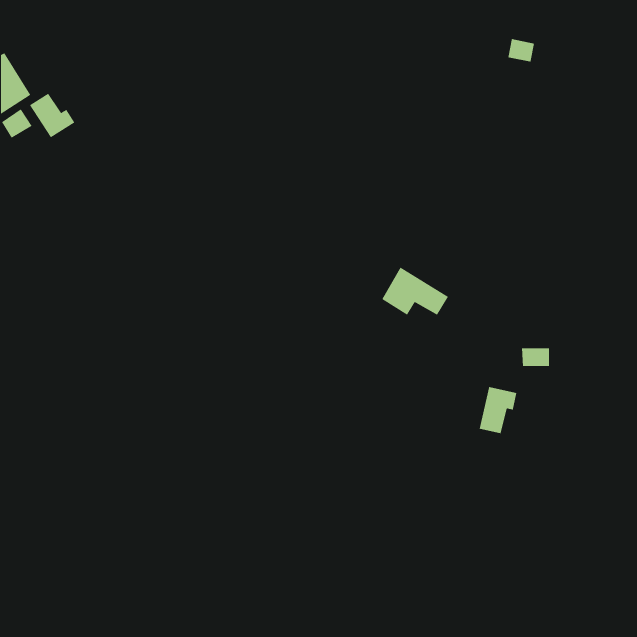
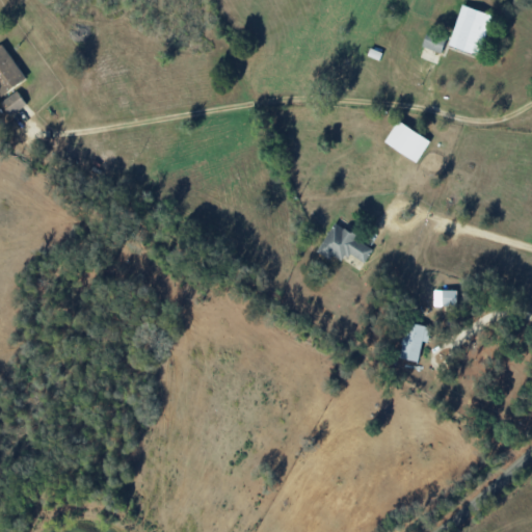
building: none -> [449,5,488,54]
building: [29,93,75,138] -> none
building: none -> [384,121,430,163]

